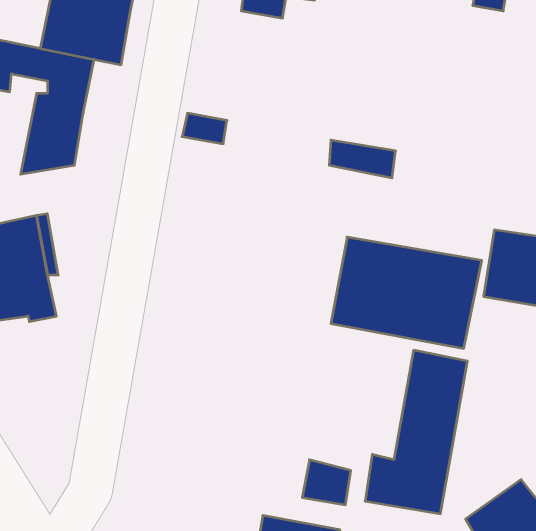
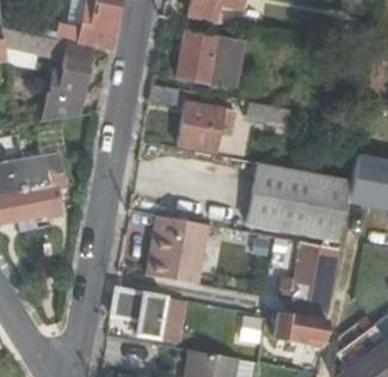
building: none -> [178,31,242,86]
building: none -> [179,101,236,153]
building: none -> [153,216,211,284]
building: none -> [111,286,168,338]

